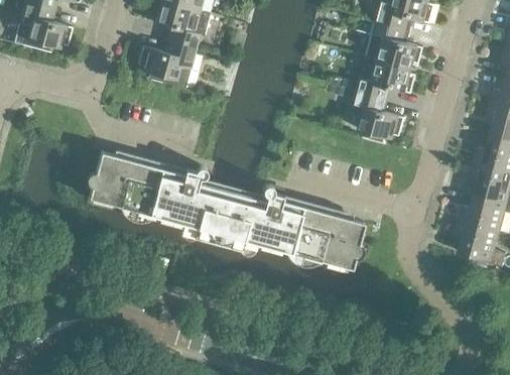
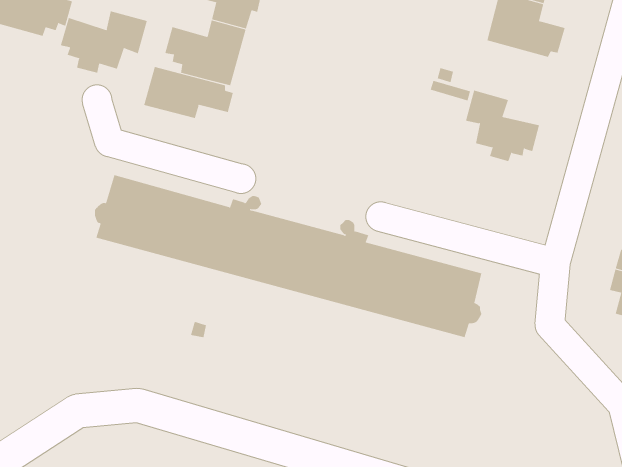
building: none -> [60,11,148,74]
building: [358,57,416,100] -> none
building: none -> [143,66,233,119]

